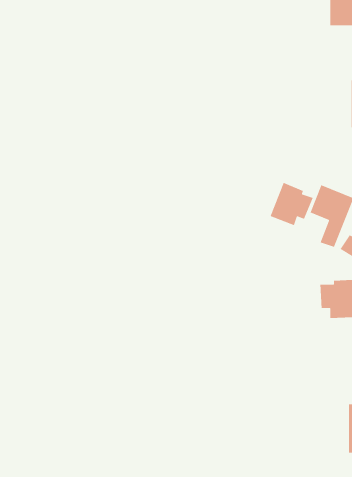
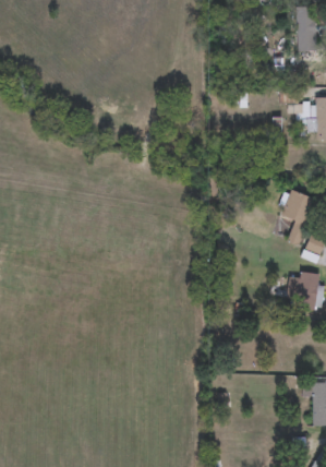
building: [270,182,314,226] -> none

